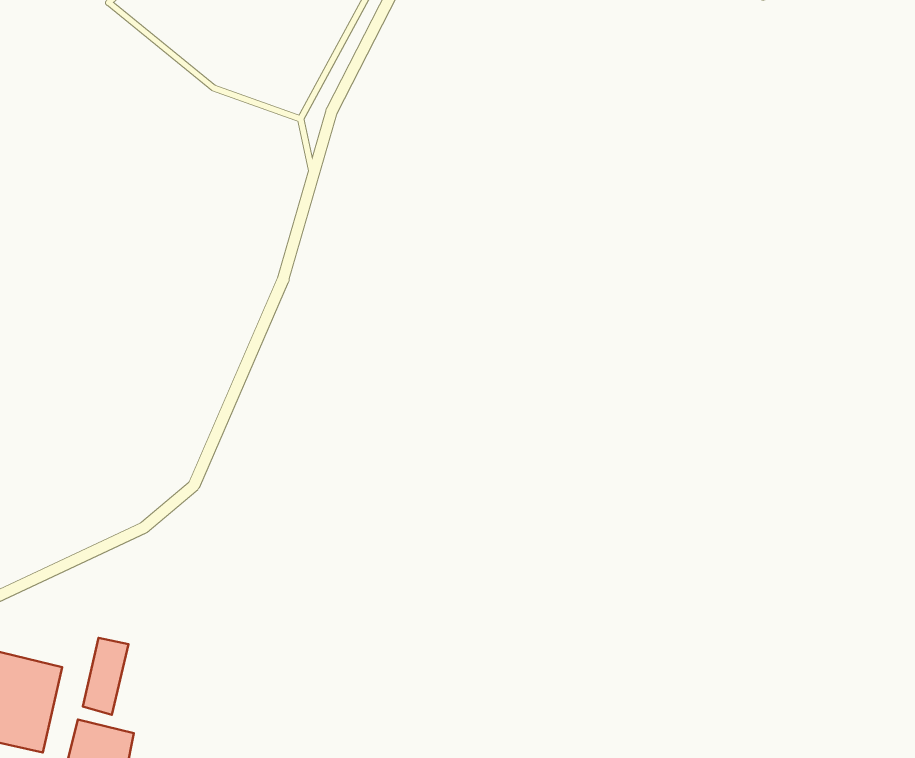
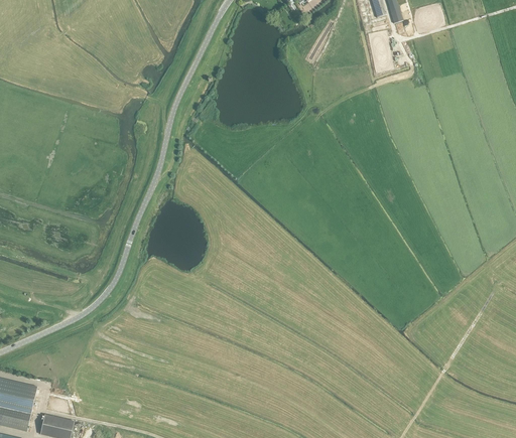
building: [83,638,128,715] -> none

